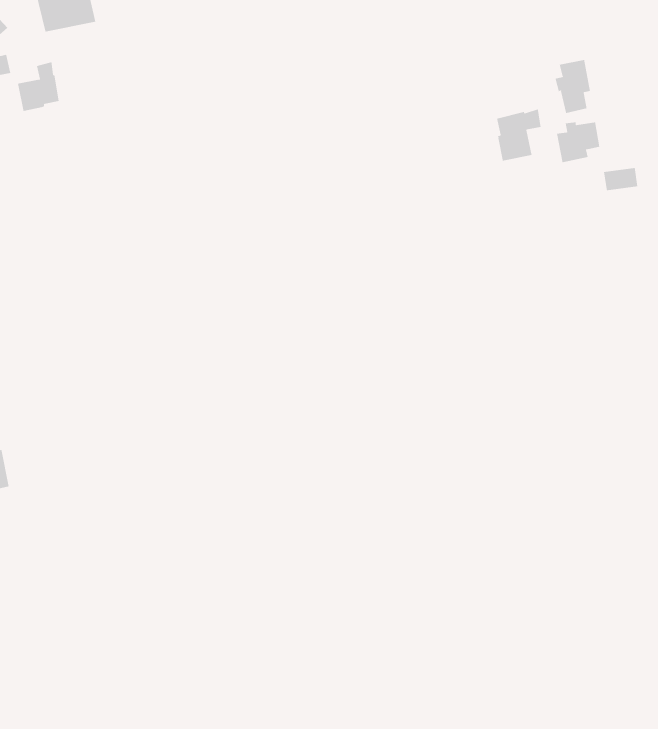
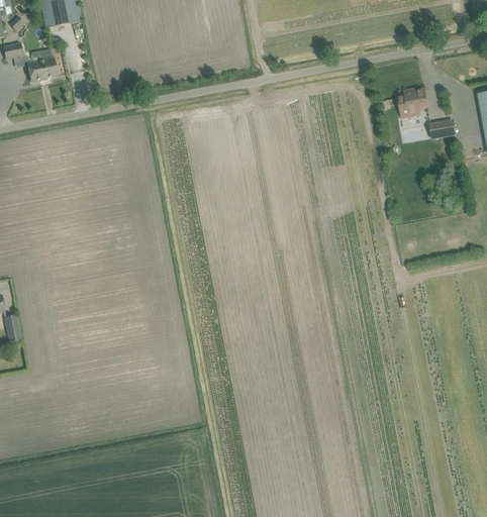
building: [555,59,591,114] -> none
building: [497,109,541,161] -> none

